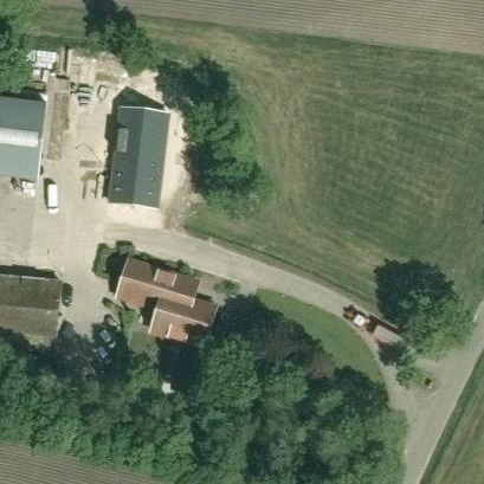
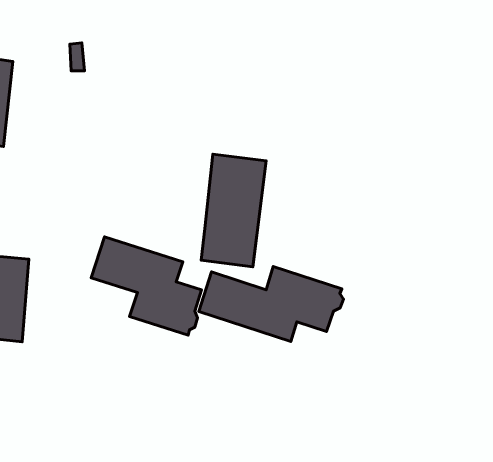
building: [107,105,164,206] -> [201,154,266,267]
building: none -> [199,266,343,341]

